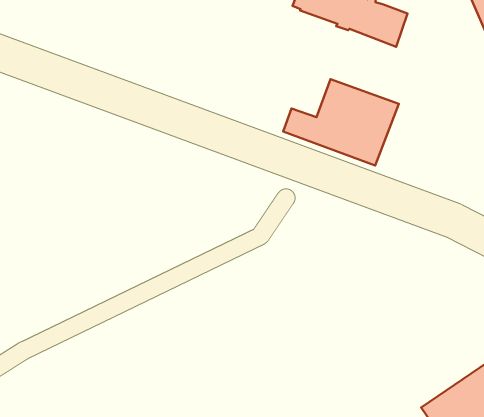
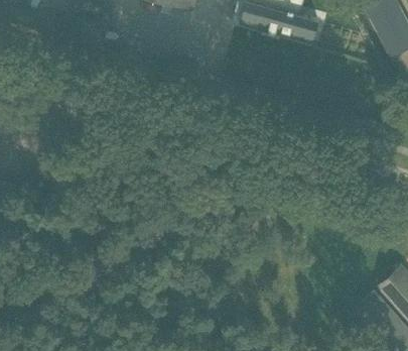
building: [283,79,399,165] -> none

